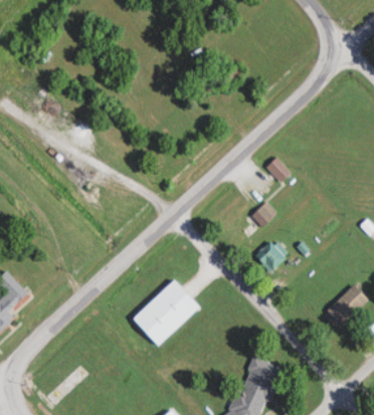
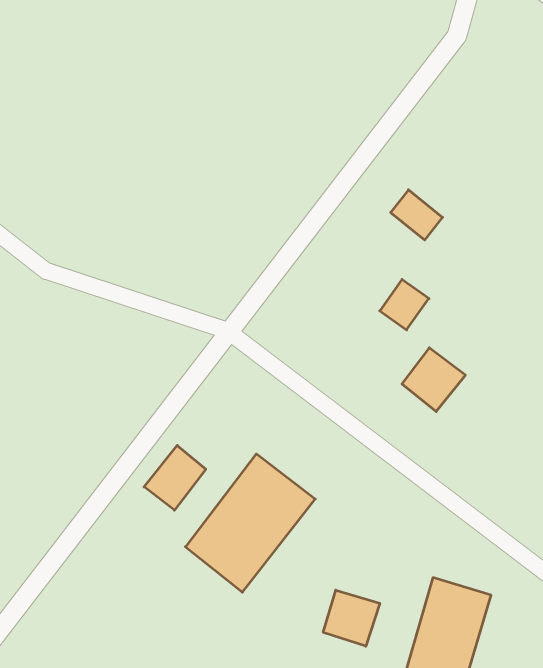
building: none -> [144,445,206,510]
building: none -> [323,590,380,646]

